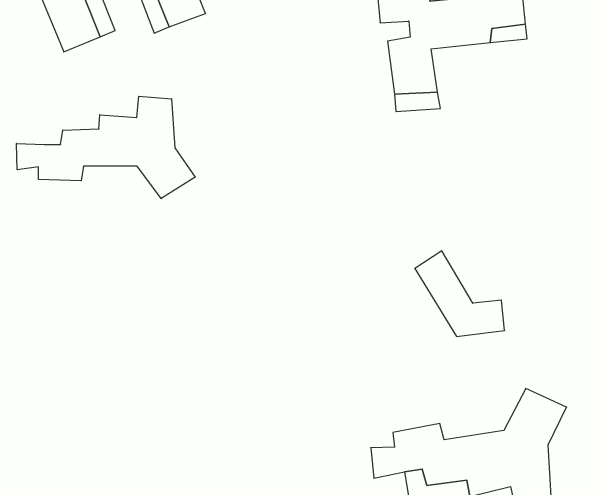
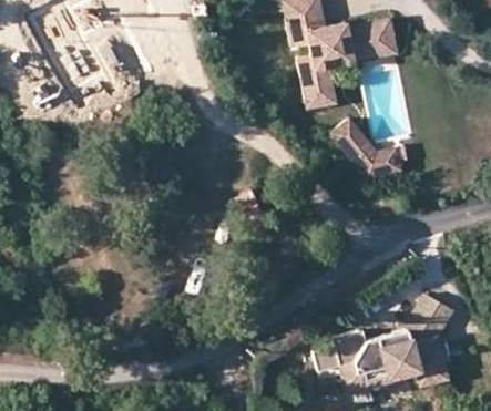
building: [17,96,195,199] -> none
building: [415,251,505,336] -> [336,115,403,174]

